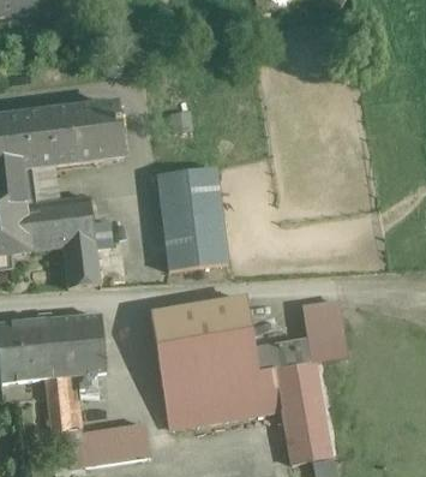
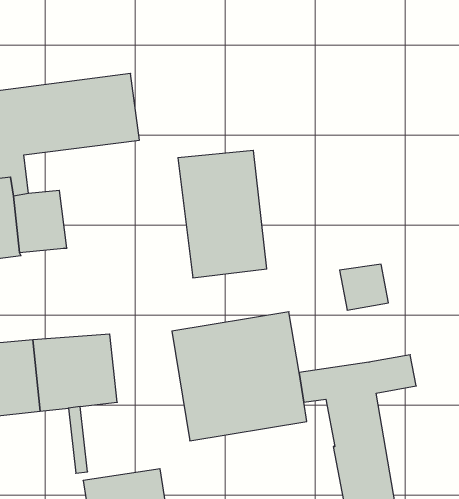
building: [59,195,98,284] -> none
building: [304,299,343,336] -> [340,264,388,310]
building: [164,366,282,424] -> none
building: [44,374,72,429] -> none

